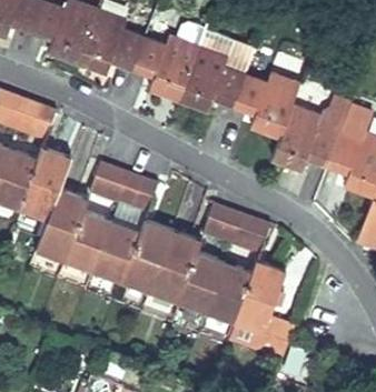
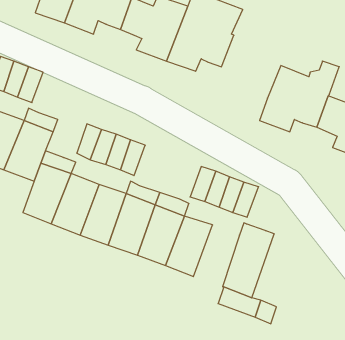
building: [234,72,301,137] -> none
building: [206,262,251,323] -> none

